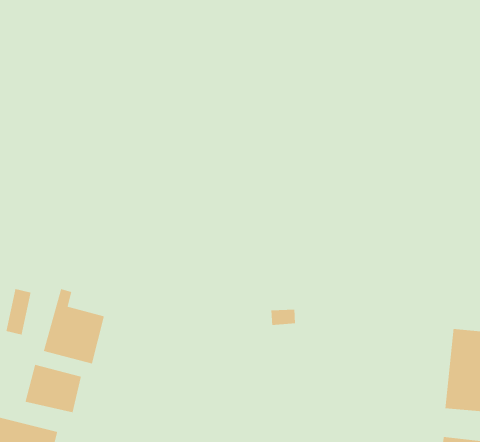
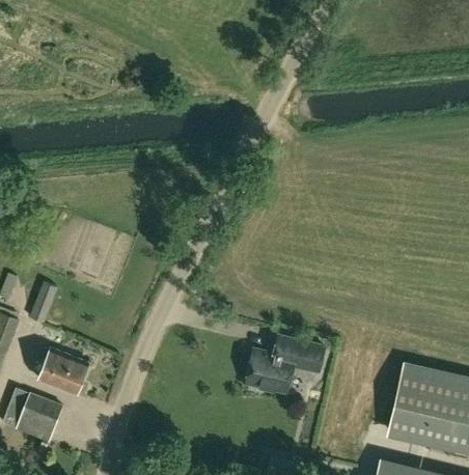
building: [43,288,105,364] -> none
building: none -> [246,337,325,393]

